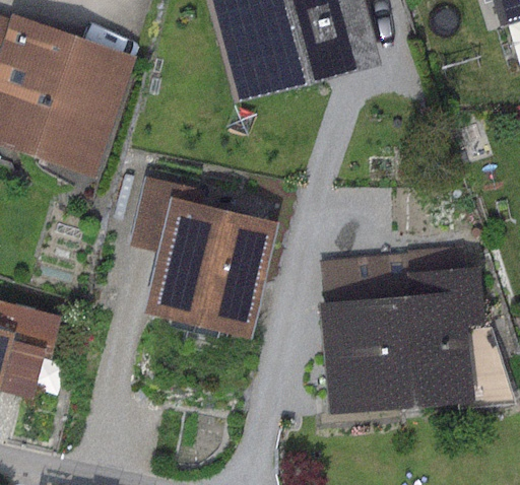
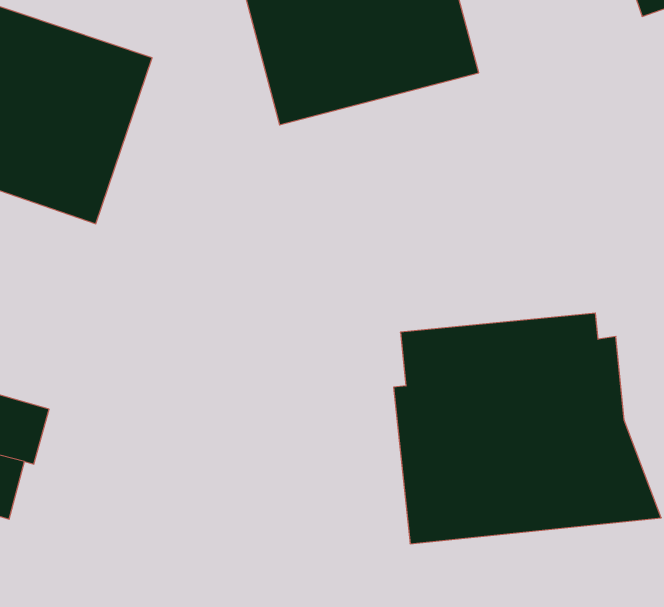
building: [130,179,276,337] -> none

